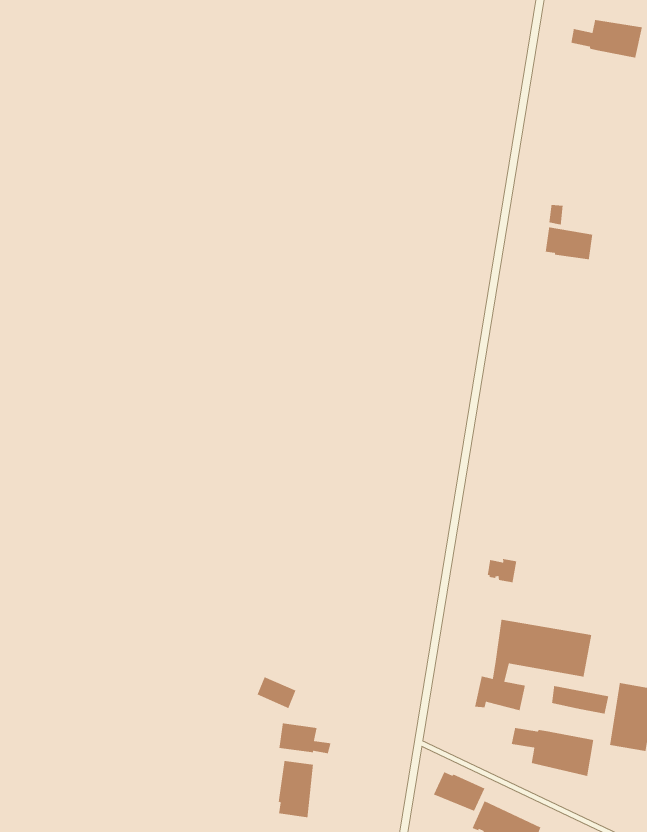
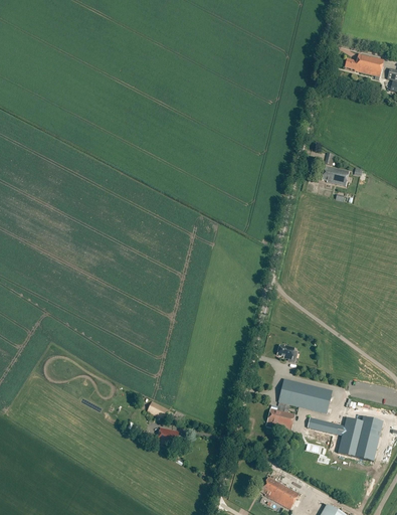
building: [511,727,594,777] -> none
building: [278,760,314,818] -> none
building: [433,771,485,812] -> none

